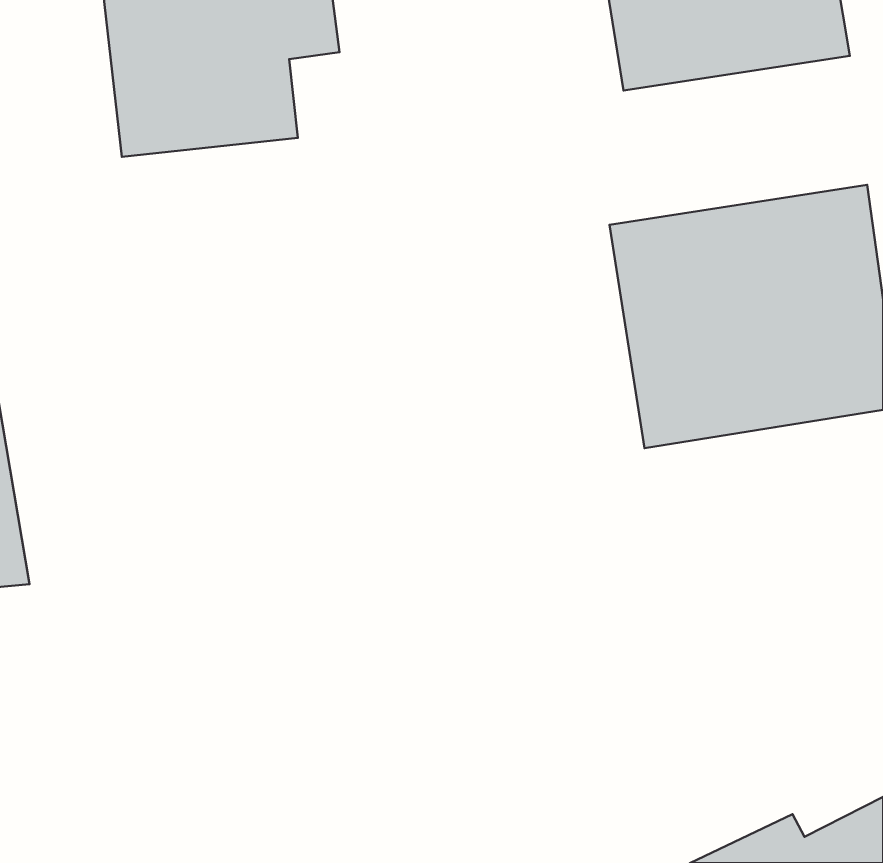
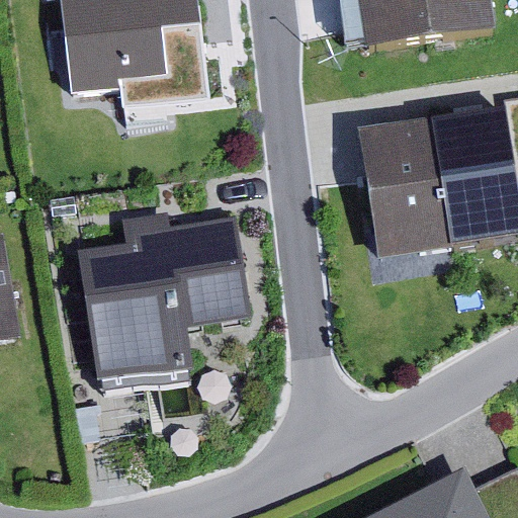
building: none -> [77,209,252,378]

